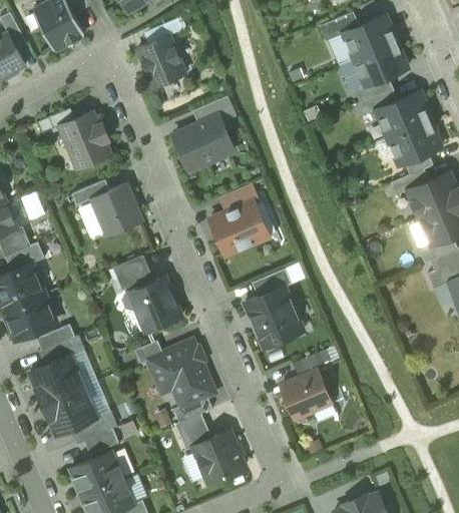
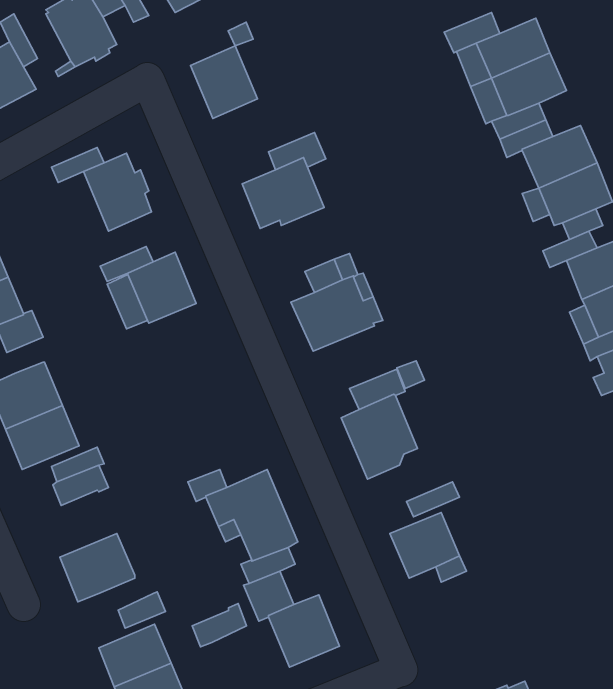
building: [5,242,45,272] -> none
building: [114,255,152,290] -> none
building: [123,277,182,333] -> none
building: [30,356,84,404] -> none
building: [71,414,110,445] -> [192,604,247,647]

